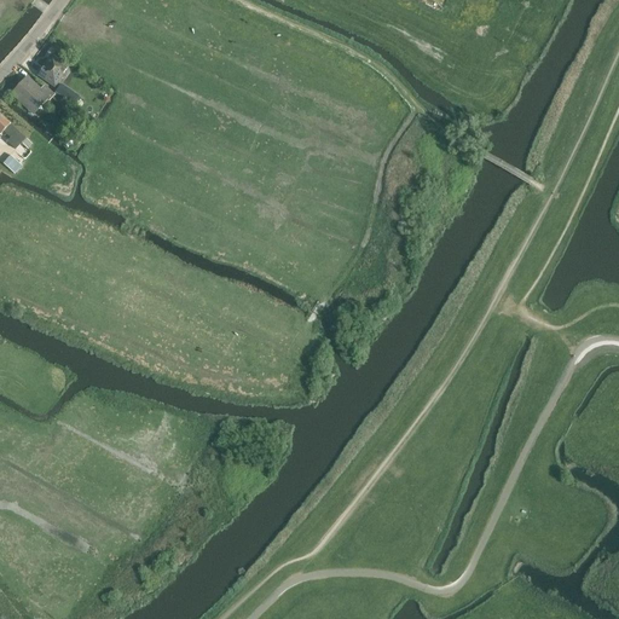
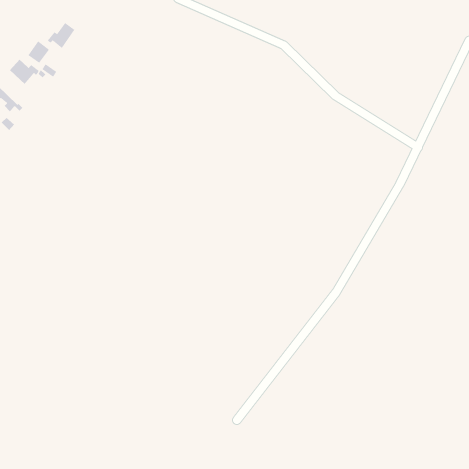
building: none -> [47,22,75,49]

